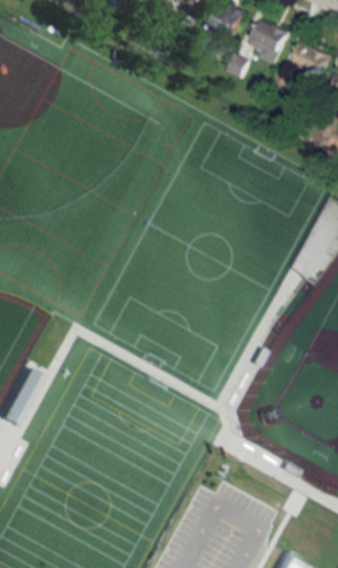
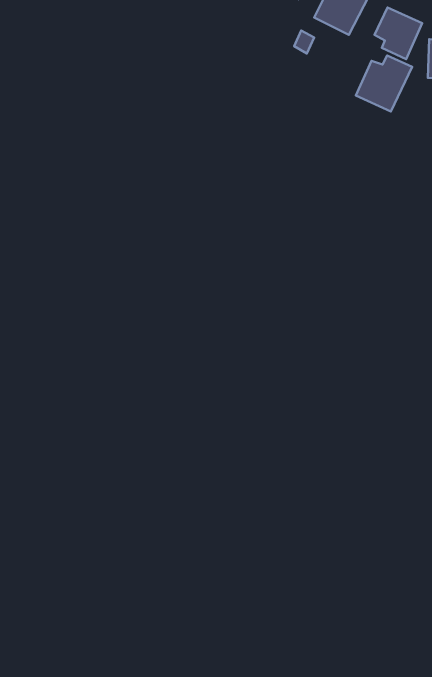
building: none -> [356,56,412,112]

